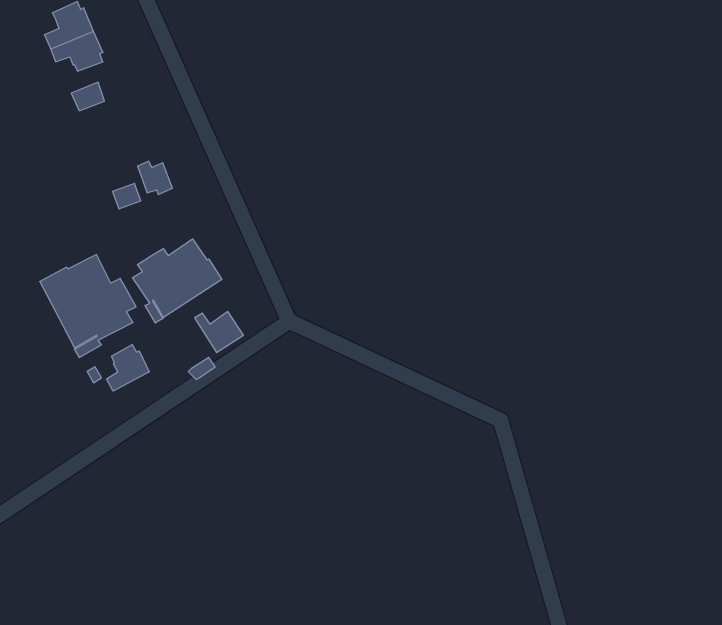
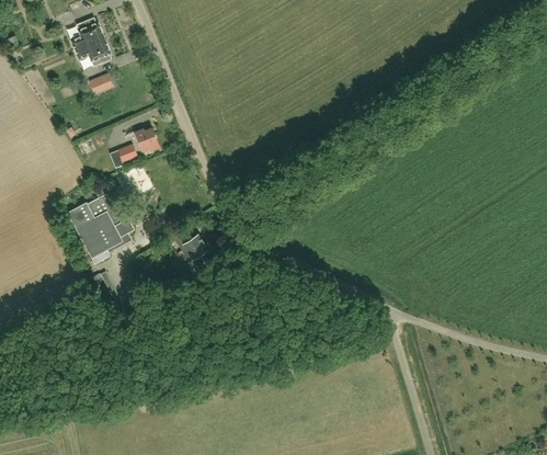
building: [132,239,222,323] -> none
building: [106,344,149,391] -> none

